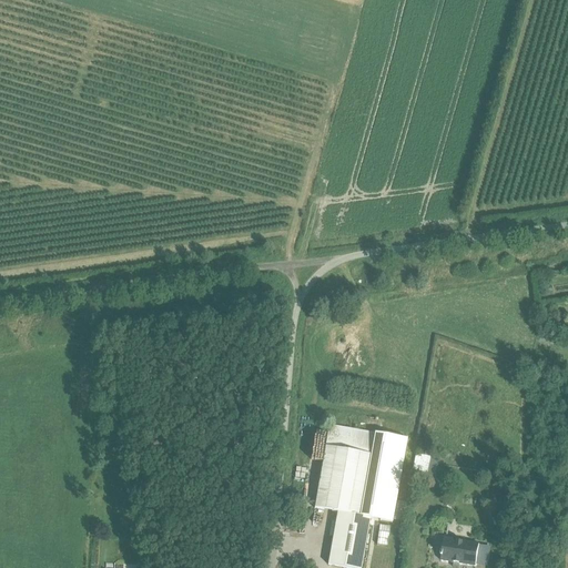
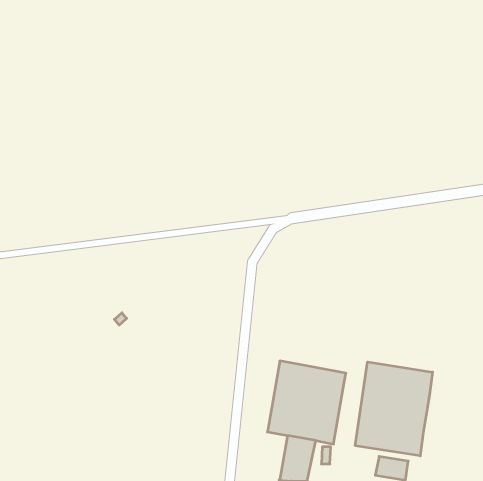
building: none -> [355,362,433,456]

